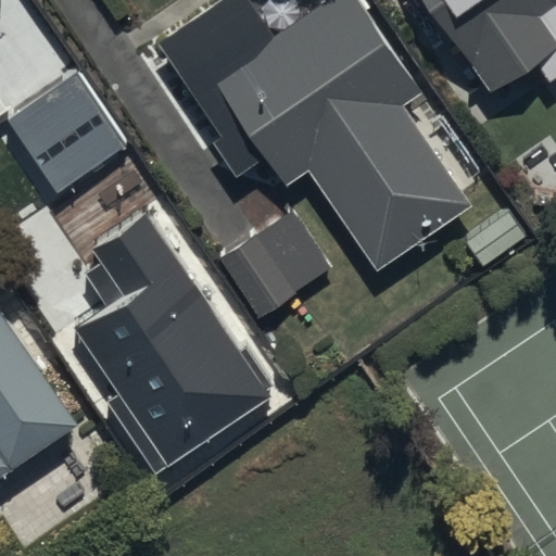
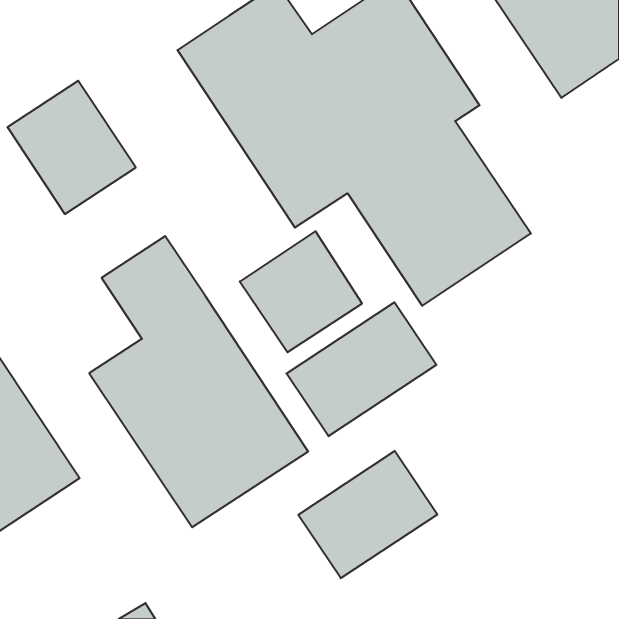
building: none -> [286,302,436,436]
building: none -> [298,451,437,578]

